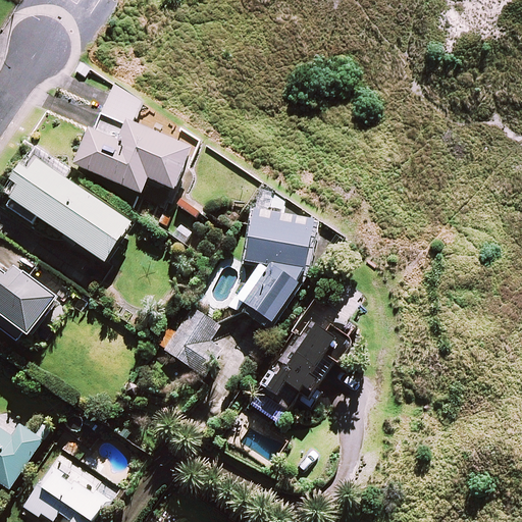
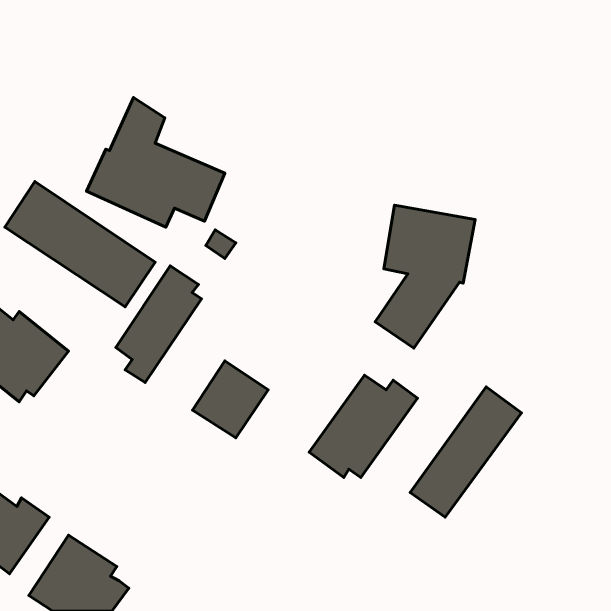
building: [231,207,316,328] -> [375,205,475,348]
building: none -> [116,266,202,383]
building: none -> [410,387,521,517]

